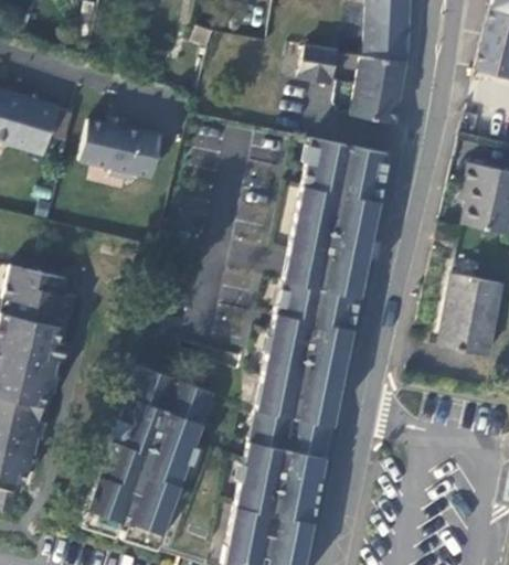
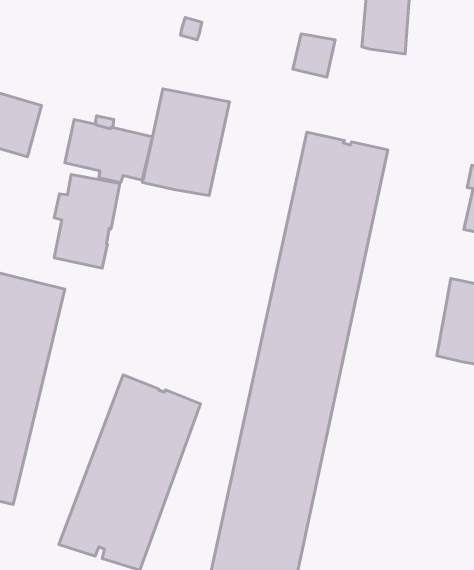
building: [353,54,406,121] -> none
building: none -> [142,89,230,196]
building: none -> [54,174,120,268]

